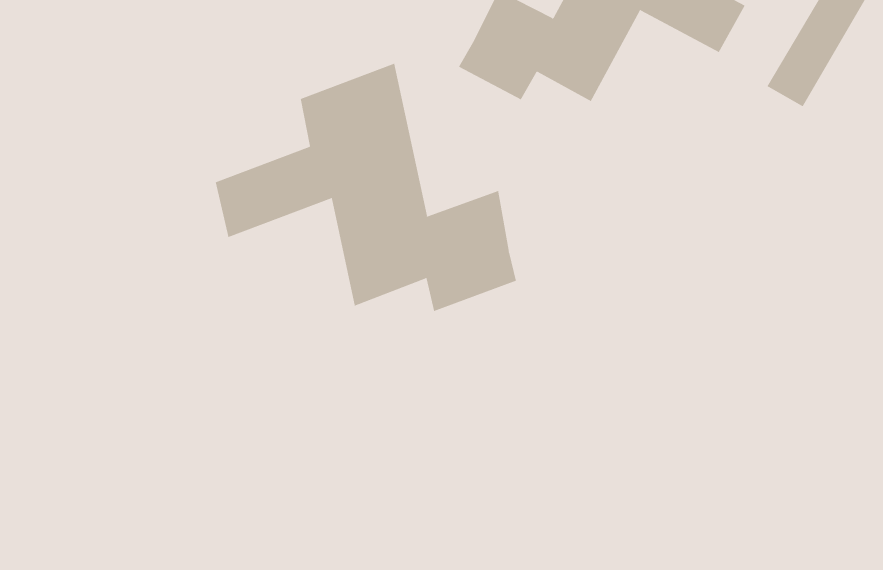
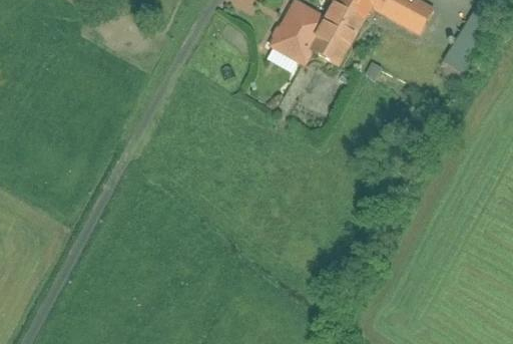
building: [215,63,517,312] -> none

